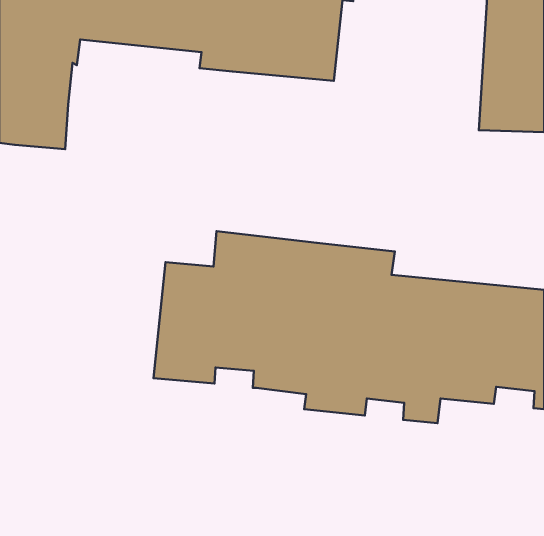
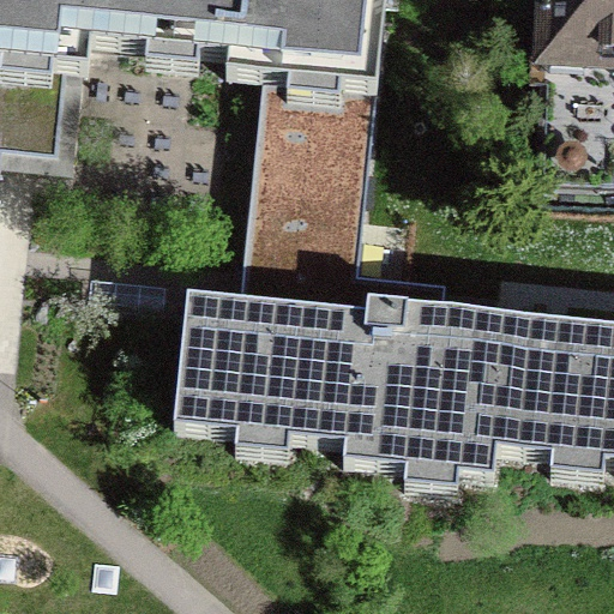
building: none -> [243,80,375,273]

